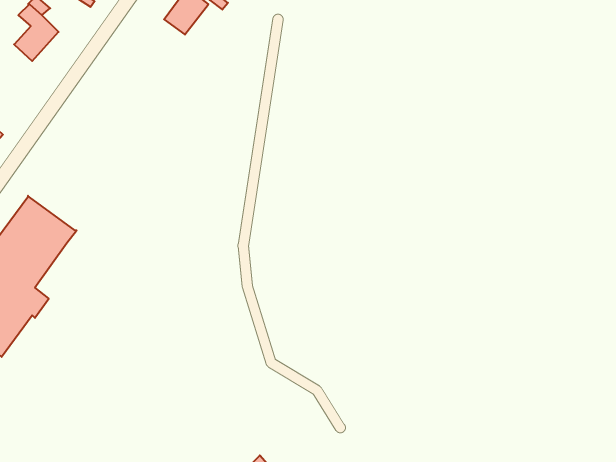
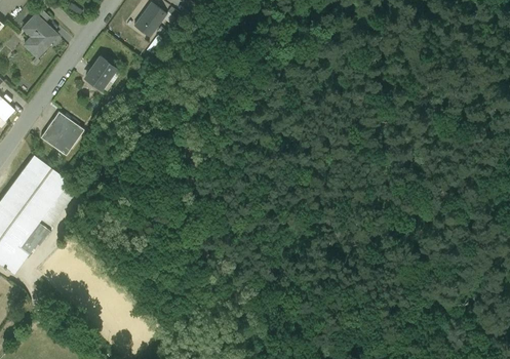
building: none -> [85,56,115,88]
building: none -> [40,112,83,155]

